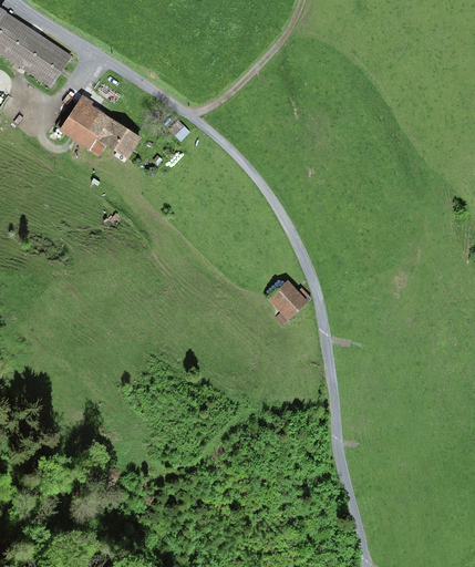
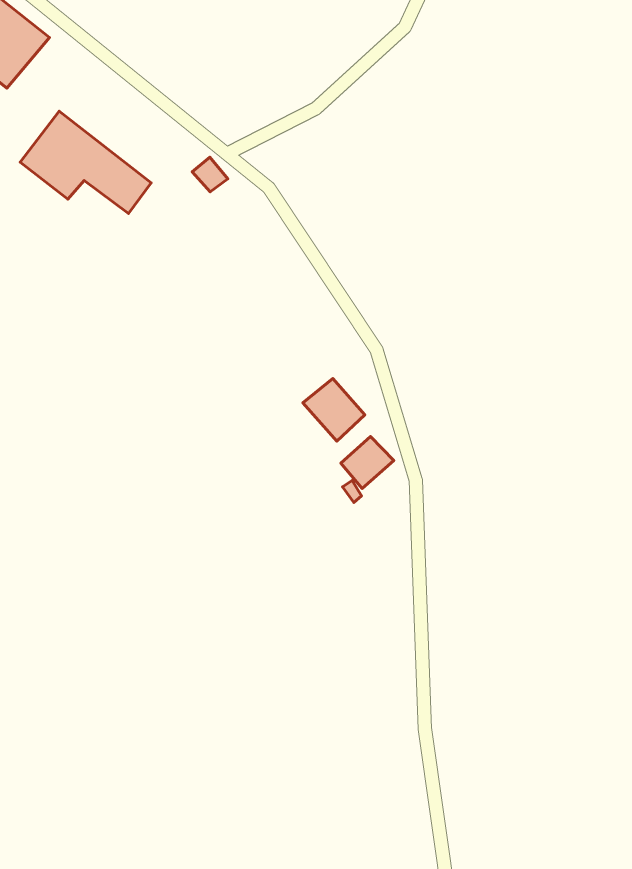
building: none -> [303,379,365,441]

